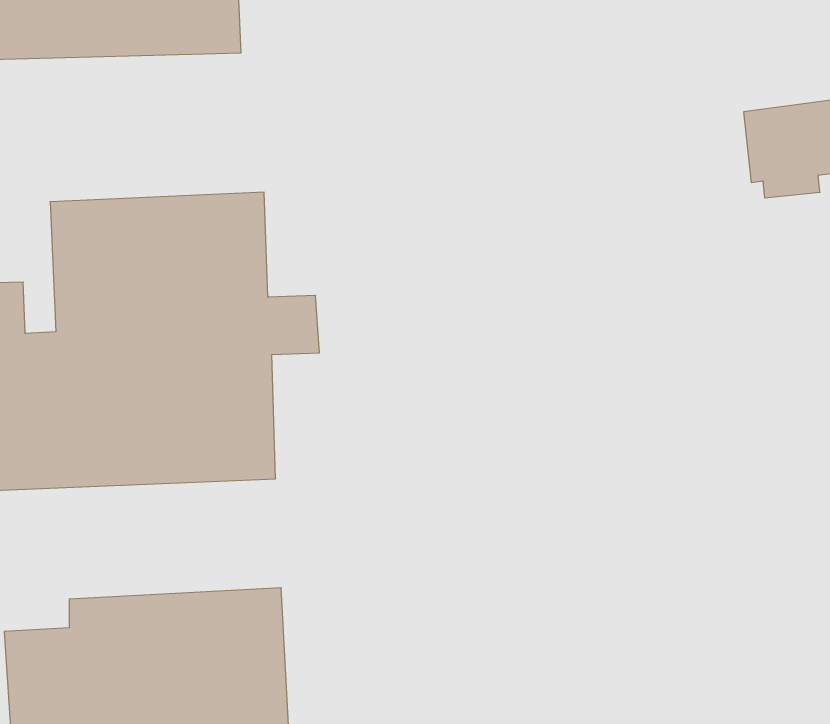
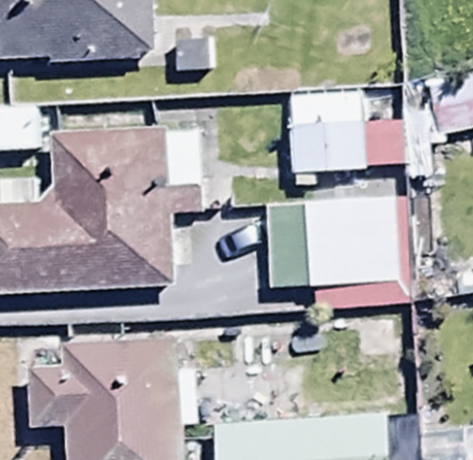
building: none -> [290,89,404,171]
building: none -> [266,197,410,307]

